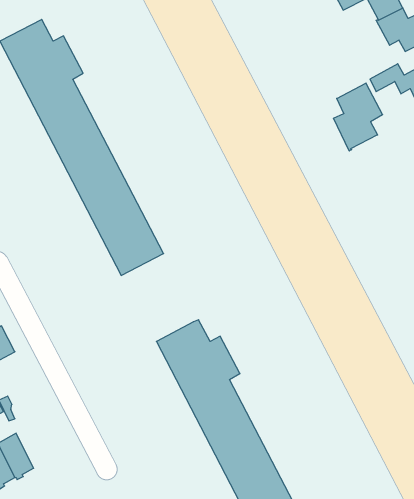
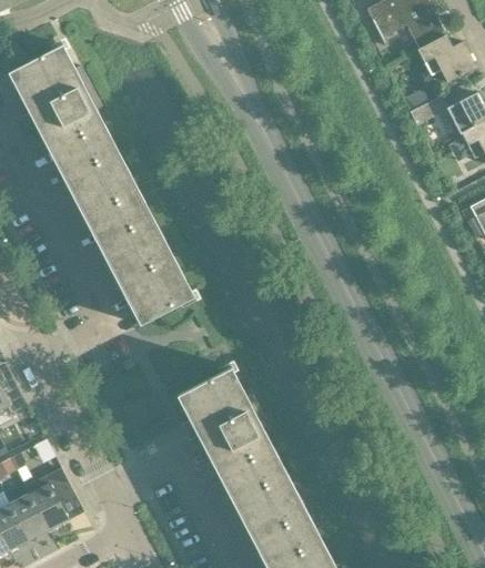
building: [333,83,383,151] -> none
building: none -> [26,467,77,532]

